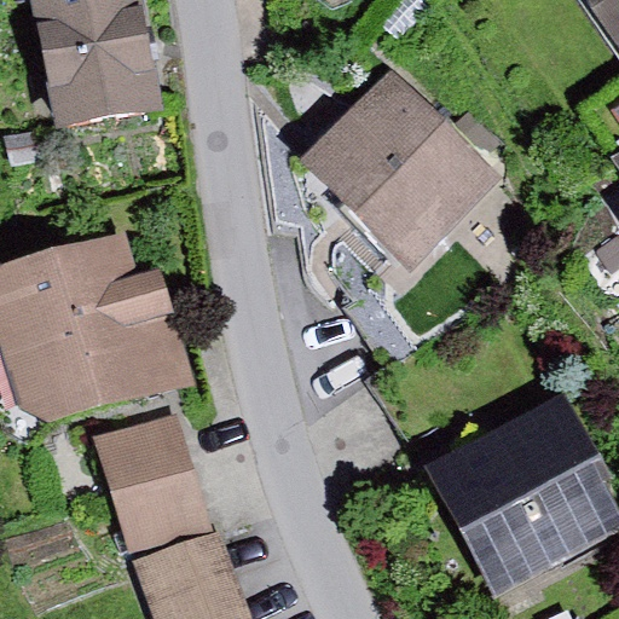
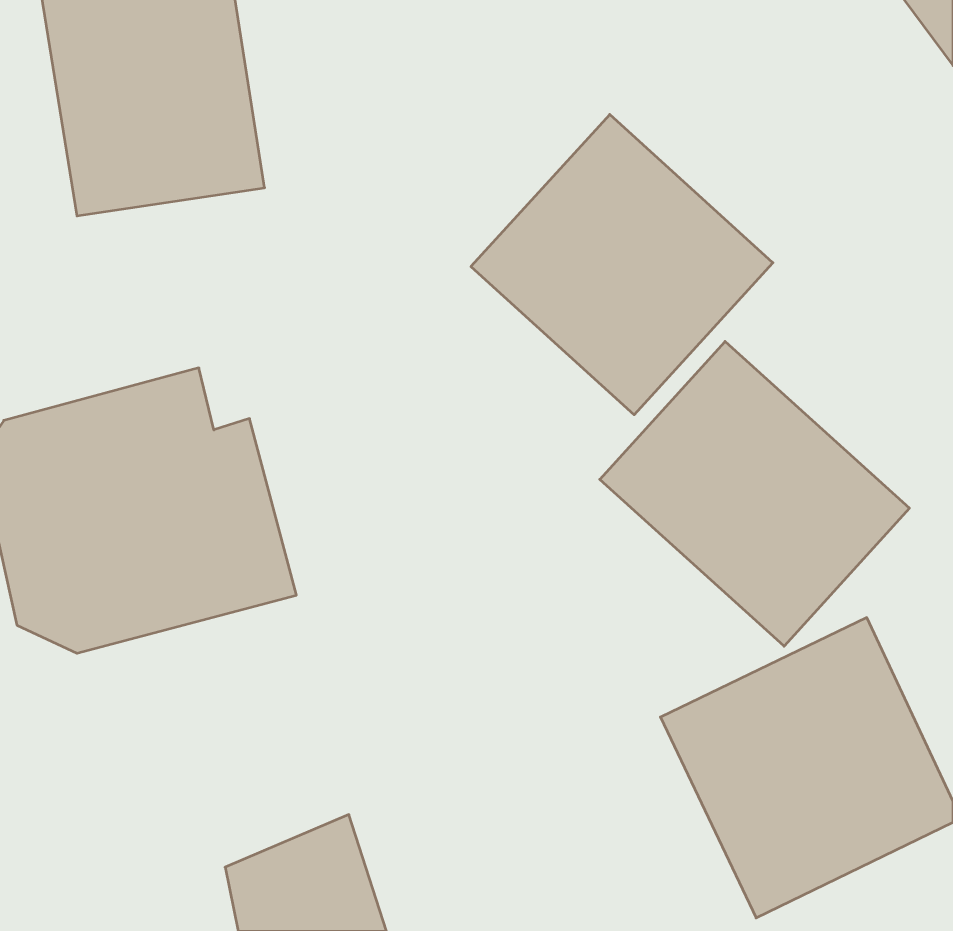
building: none -> [600,341,909,646]
building: [104,411,210,538] -> none

